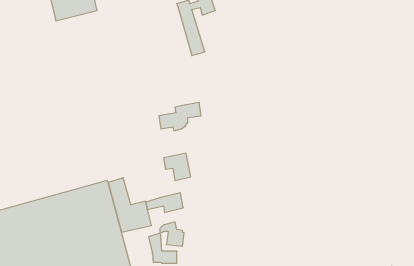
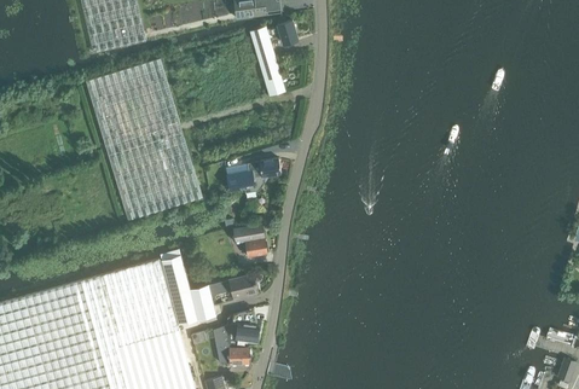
building: none -> [86,58,203,220]

